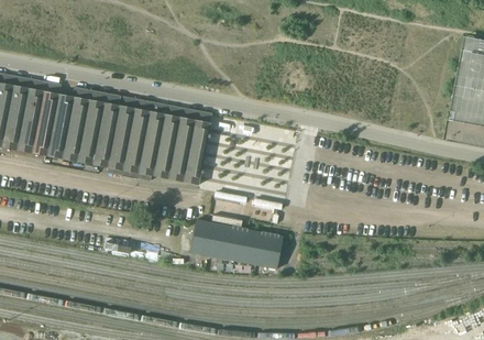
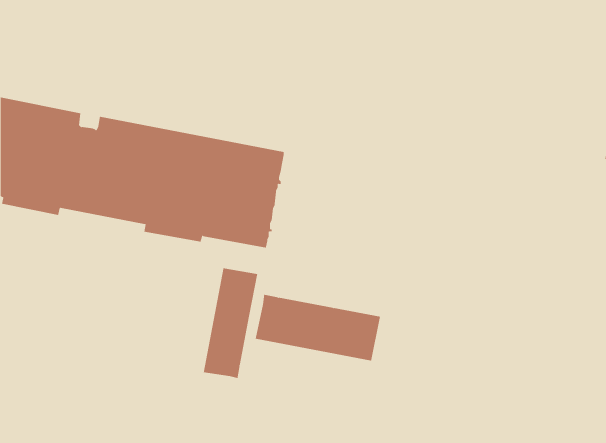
building: none -> [203,267,258,379]

